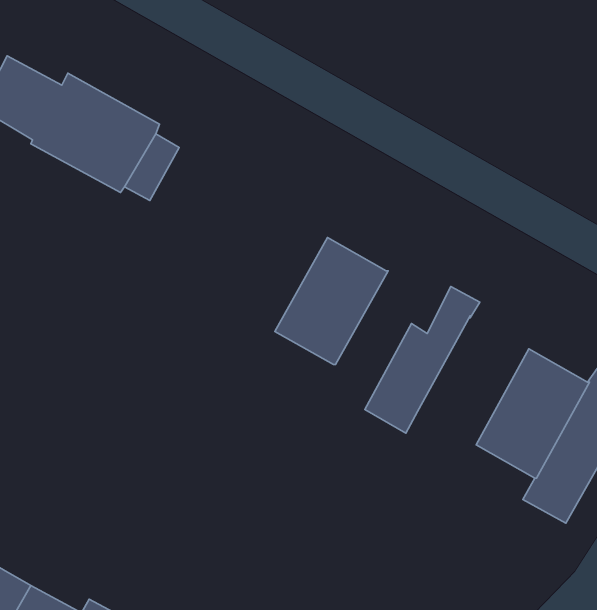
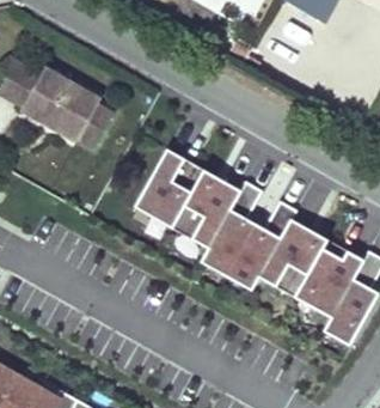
building: none -> [131,146,201,225]
building: none -> [197,178,259,273]
building: none -> [256,215,324,294]

